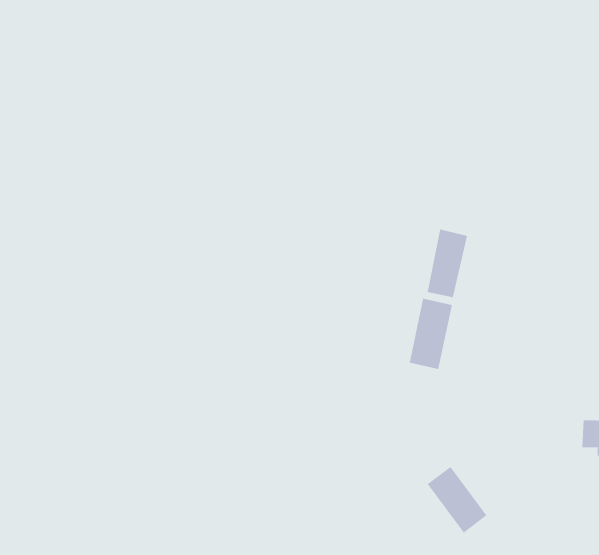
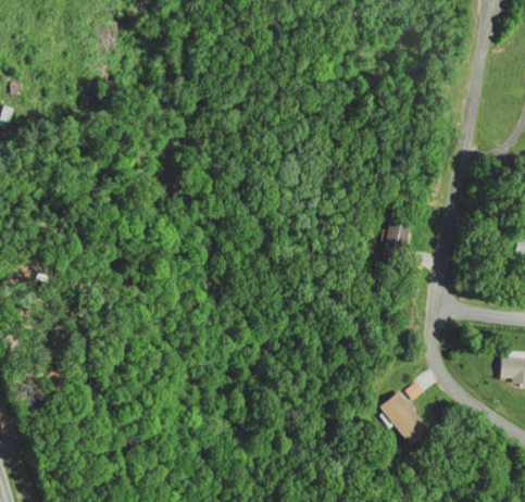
building: [409,298,452,370] -> none

